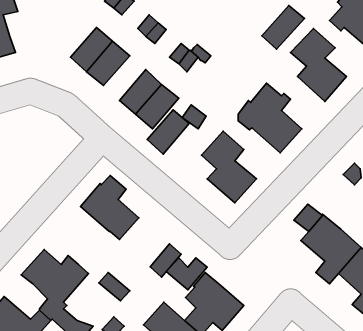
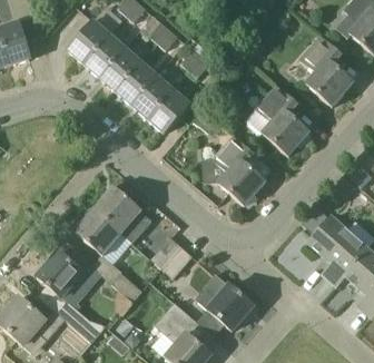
building: [262,5,305,49] -> none
building: none -> [67,19,109,62]
building: [147,110,189,154] -> [116,61,157,105]
building: none -> [73,208,121,255]
building: [166,258,207,290] -> [140,236,180,267]

